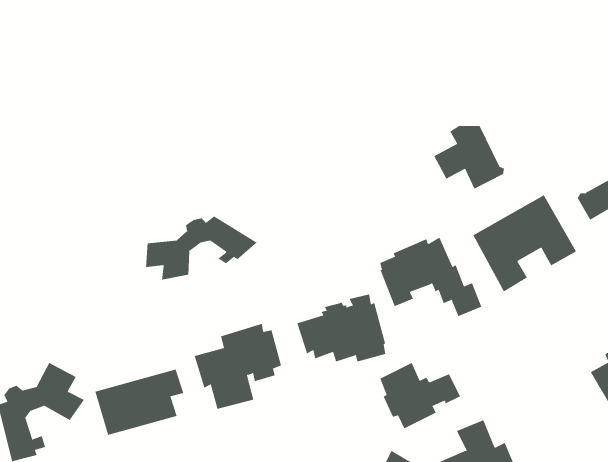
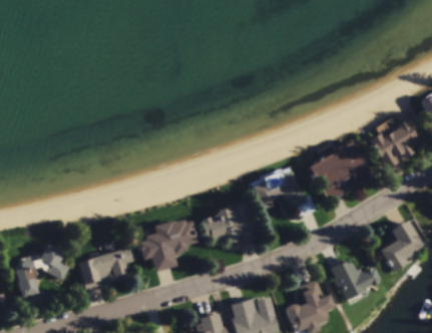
building: [434,125,504,190] -> none
building: [145,215,258,280] -> none
building: [379,362,461,429] -> [331,259,381,300]

